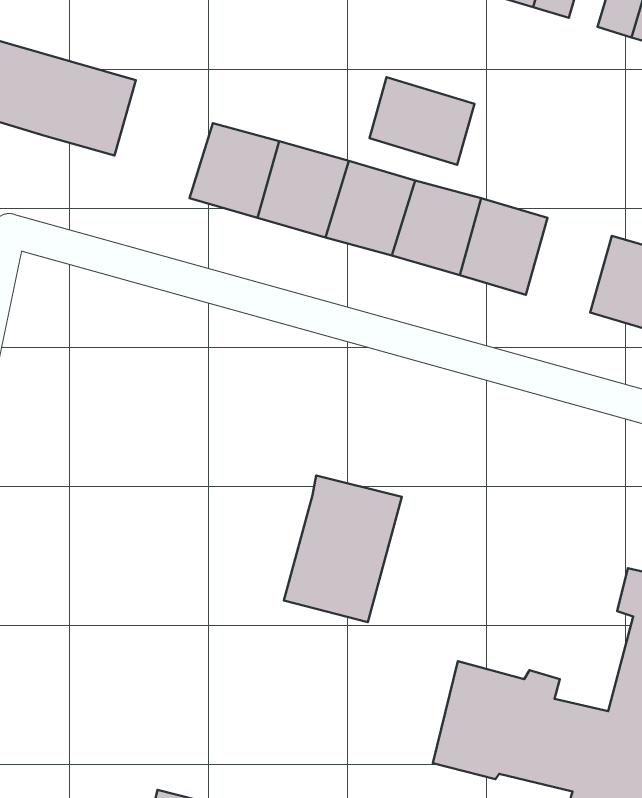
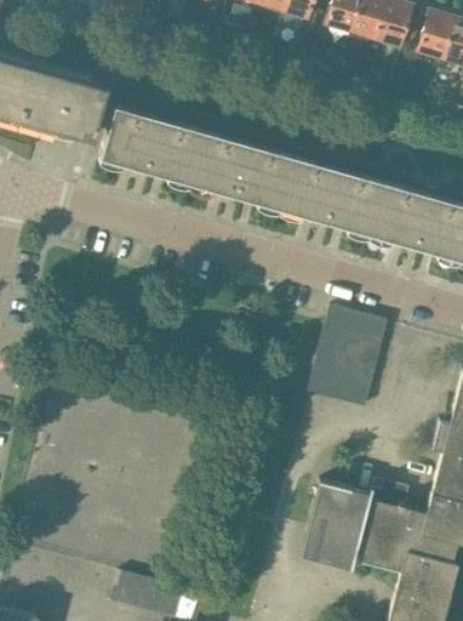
building: [369,77,474,165] -> none
building: none -> [98,107,156,170]
building: none -> [368,183,427,247]
building: [284,475,402,622] -> [307,308,387,408]

